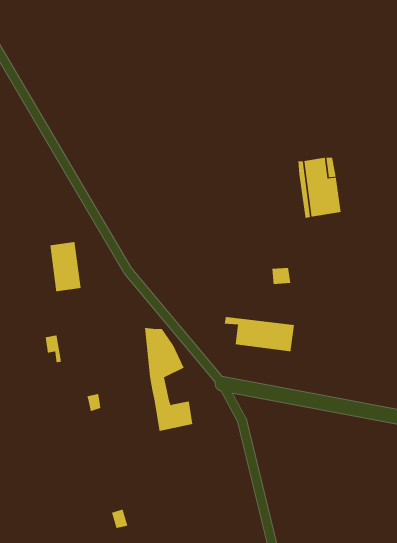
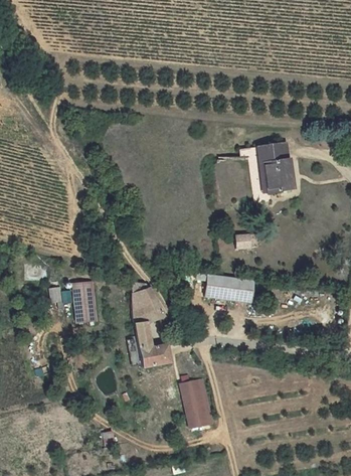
building: [49,242,81,292] -> [71,282,98,323]
building: none -> [181,378,212,428]

